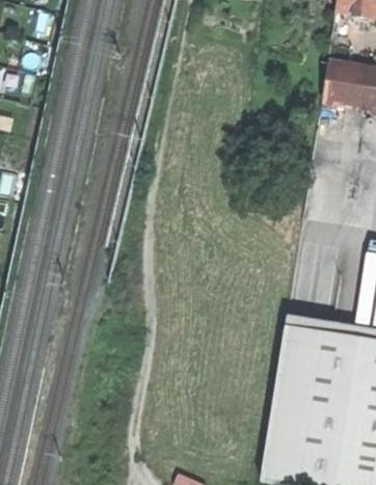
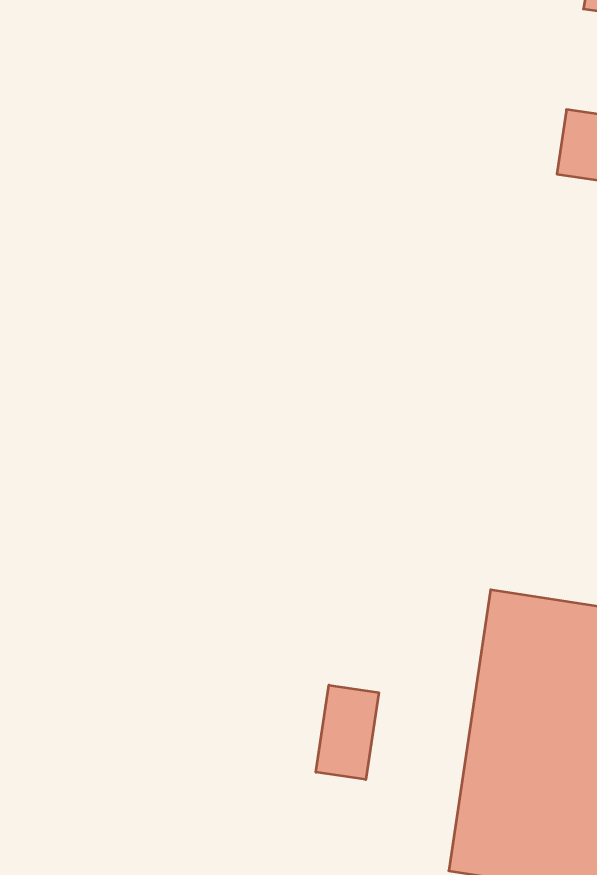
building: none -> [316,685,379,780]

